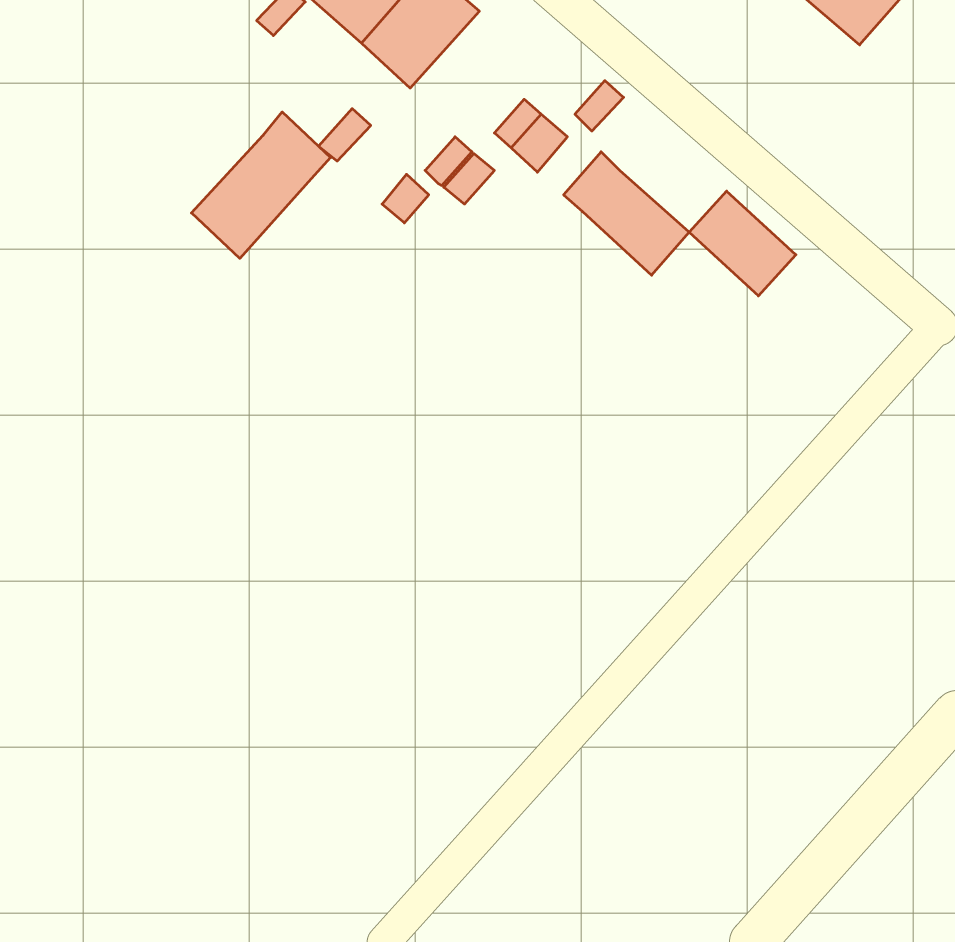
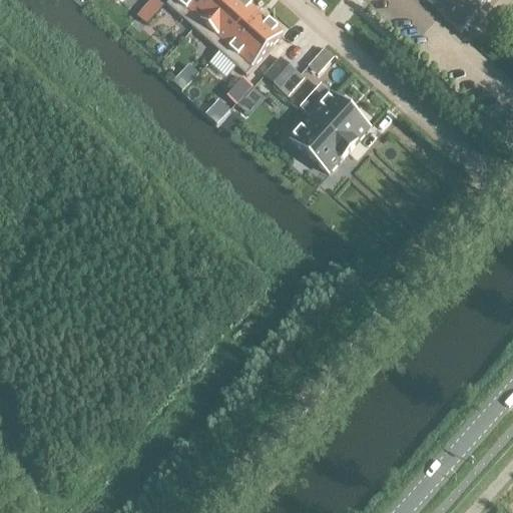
building: none -> [220,6,284,70]
building: [191,112,331,258] -> none
building: [689,191,796,296] -> [293,113,350,169]

